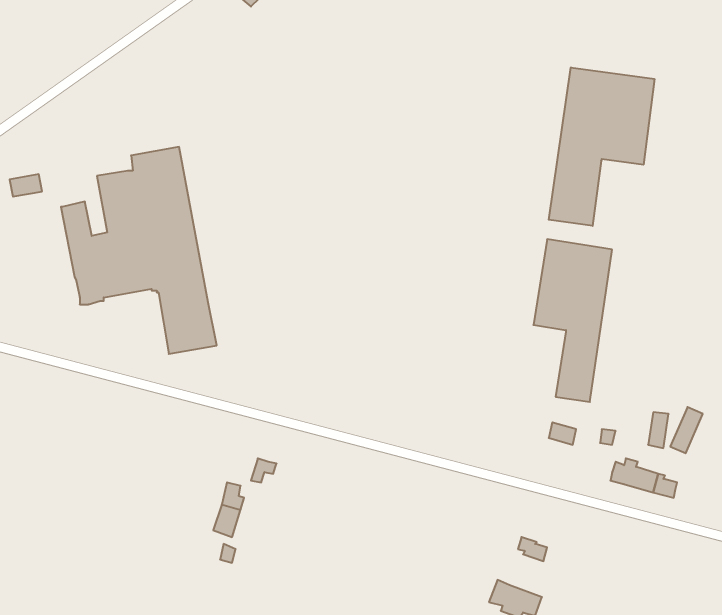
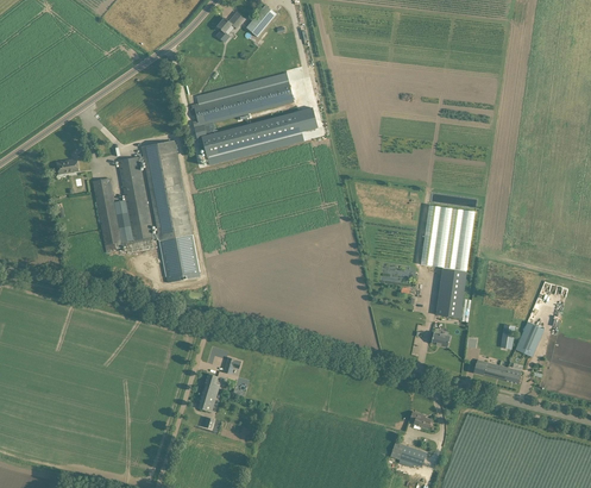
building: none -> [190,81,316,155]
building: [549,67,654,226] -> none

